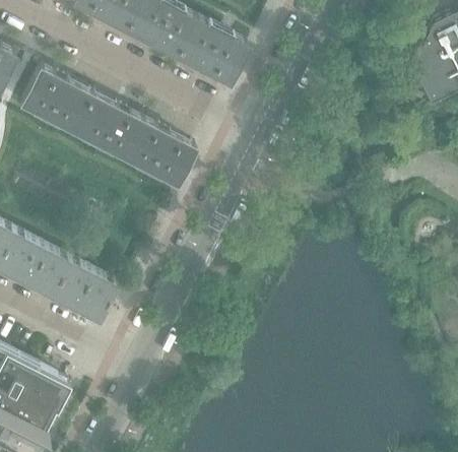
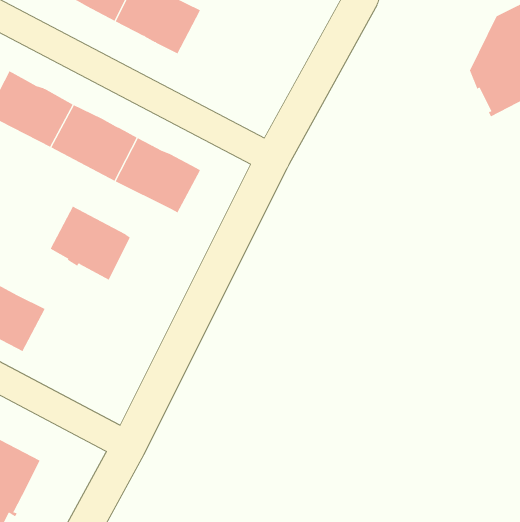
building: [176,21,247,84] -> none
building: [51,262,116,322] -> [50,206,131,280]

